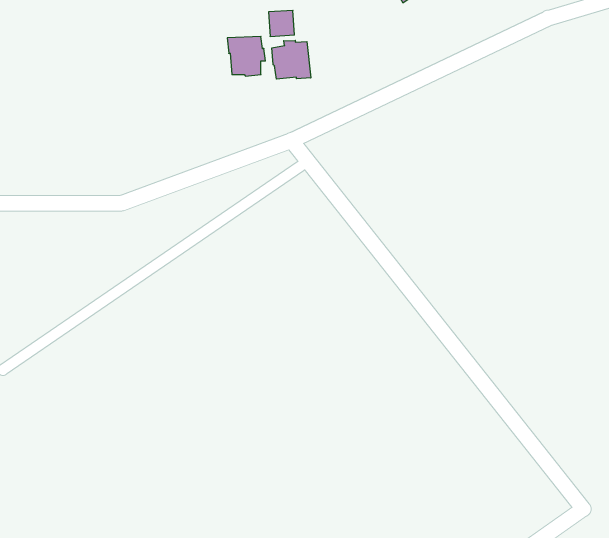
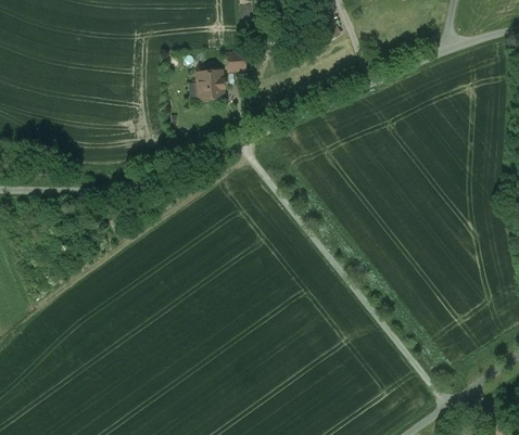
building: [272,40,311,79] -> none

